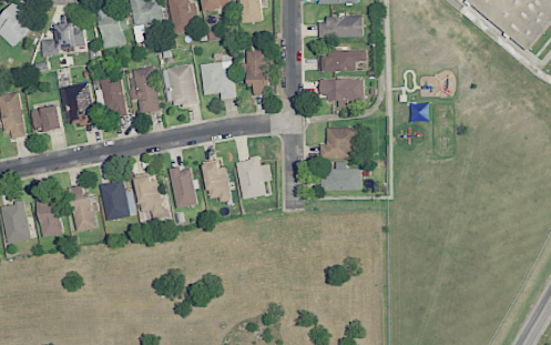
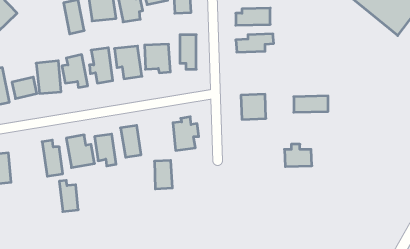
building: [41,23,84,57] -> none
building: [319,79,364,100] -> [294,96,328,112]
building: [326,162,361,191] -> [284,144,312,167]
building: [205,163,228,200] -> [154,160,172,189]
building: [37,196,61,236] -> [59,180,78,212]

